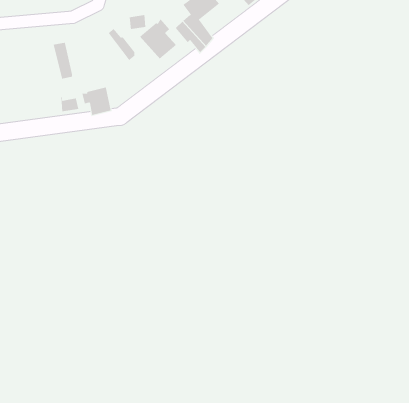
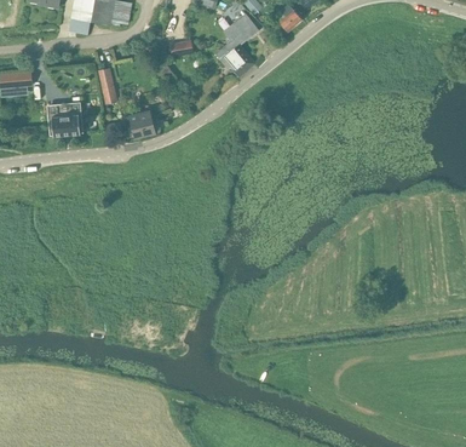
building: [139,19,177,60] -> none
building: none -> [51,114,80,136]

